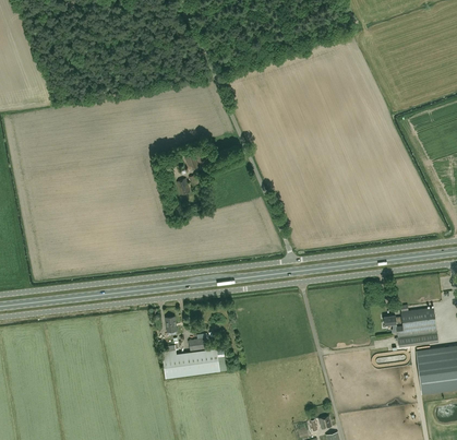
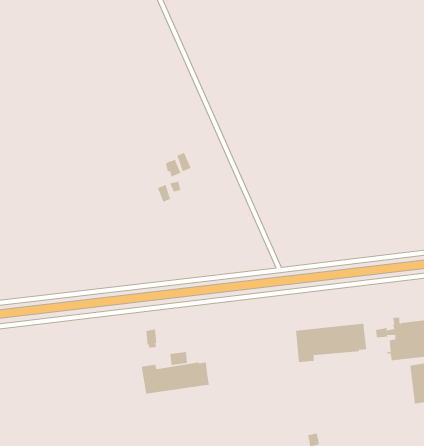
building: none -> [295,323,367,363]

